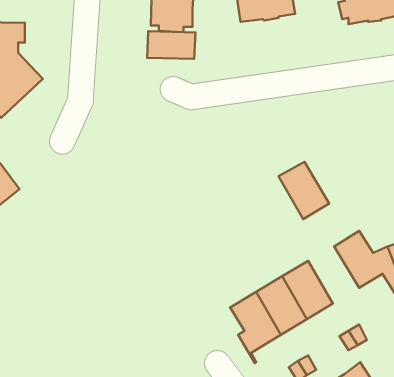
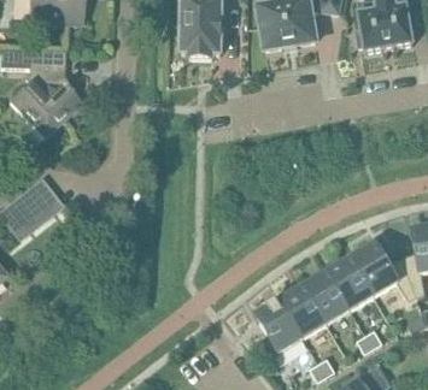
building: [147,31,195,59] -> none
building: [278,162,329,219] -> [328,255,375,308]

